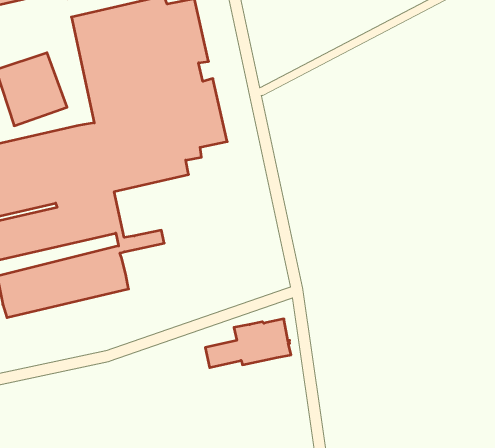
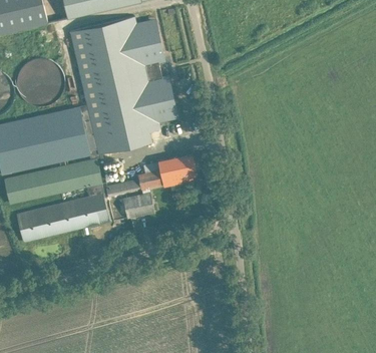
building: none -> [122,194,153,220]
building: [205,319,291,368] -> [137,155,198,190]

